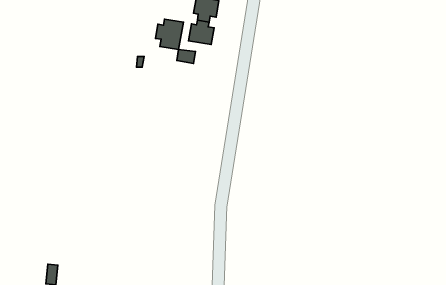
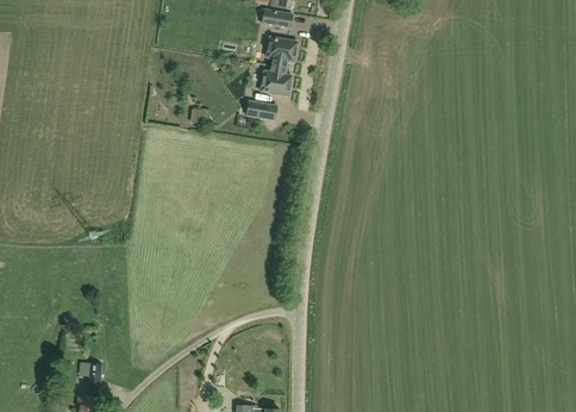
building: [155,19,183,50] -> none

